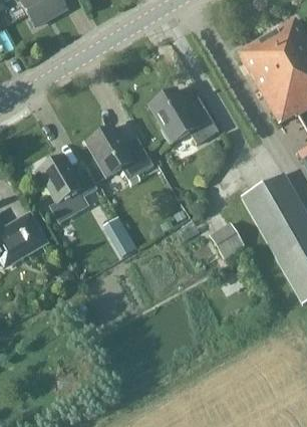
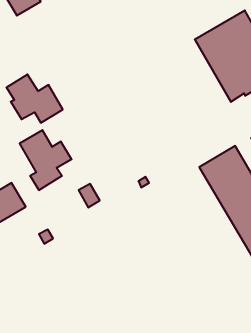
building: [148,86,219,143] -> none
building: [89,124,154,179] -> [6,74,63,123]
building: [211,225,243,258] -> none

